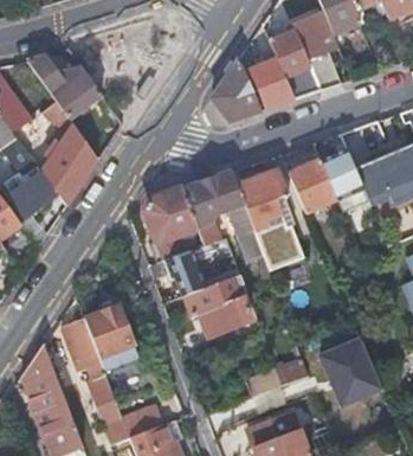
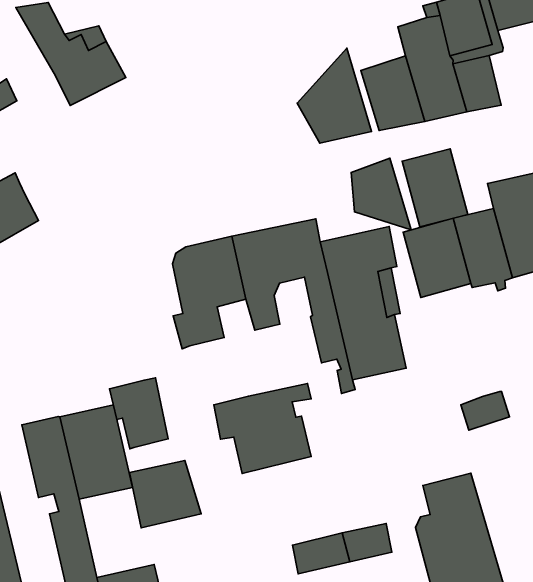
building: [41,101,98,206] -> none
building: none -> [402,149,468,227]
building: none -> [351,158,411,230]
building: [163,251,205,298] -> [110,378,168,449]
building: none -> [130,460,201,528]

